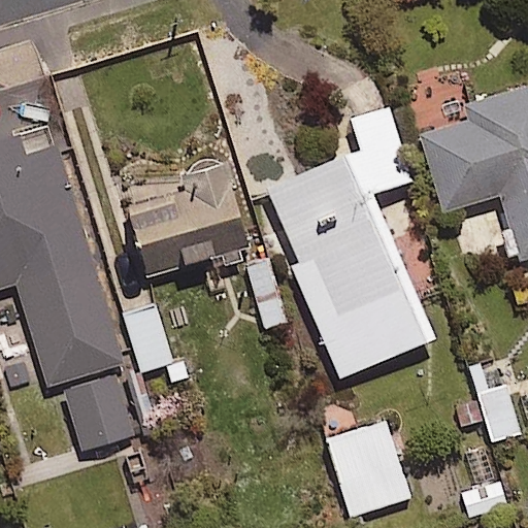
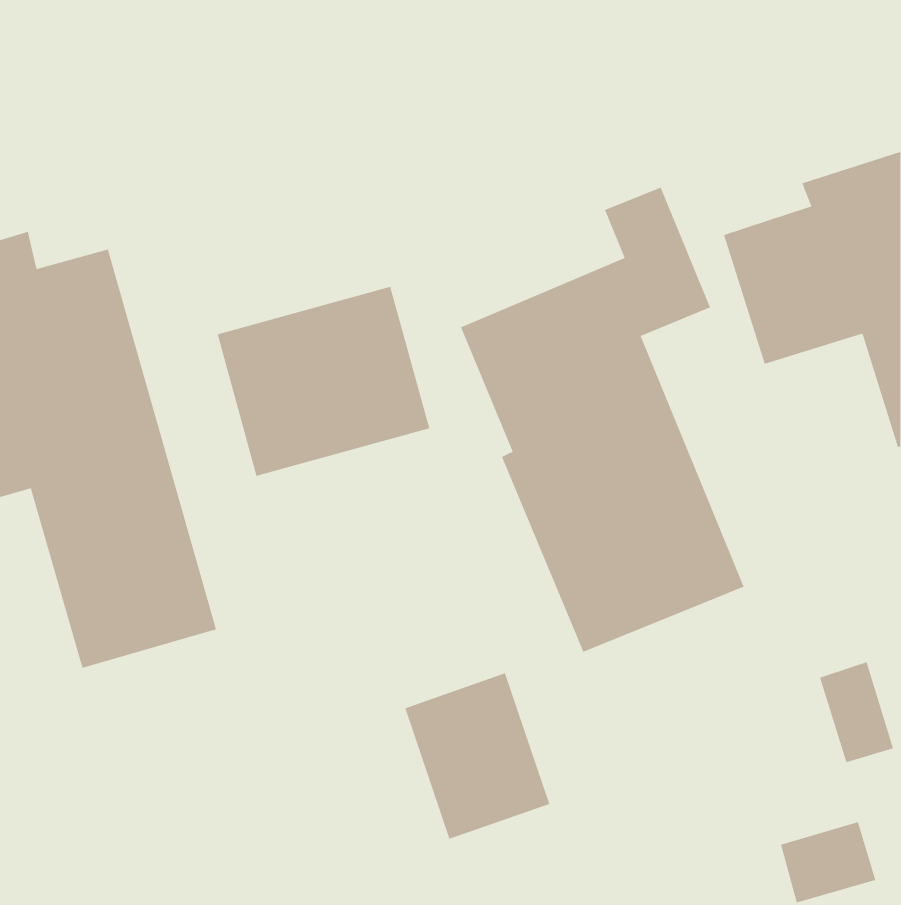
building: [64,375,132,451] -> none
building: [325,421,409,518] -> [404,672,550,840]

